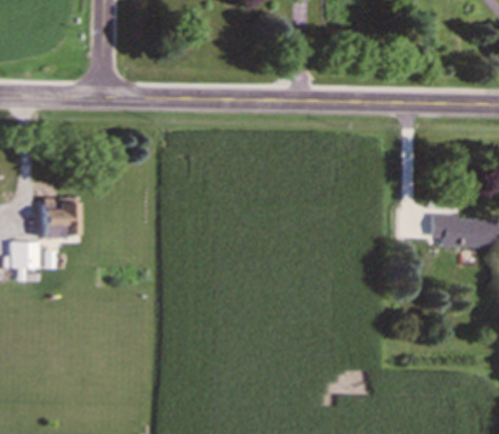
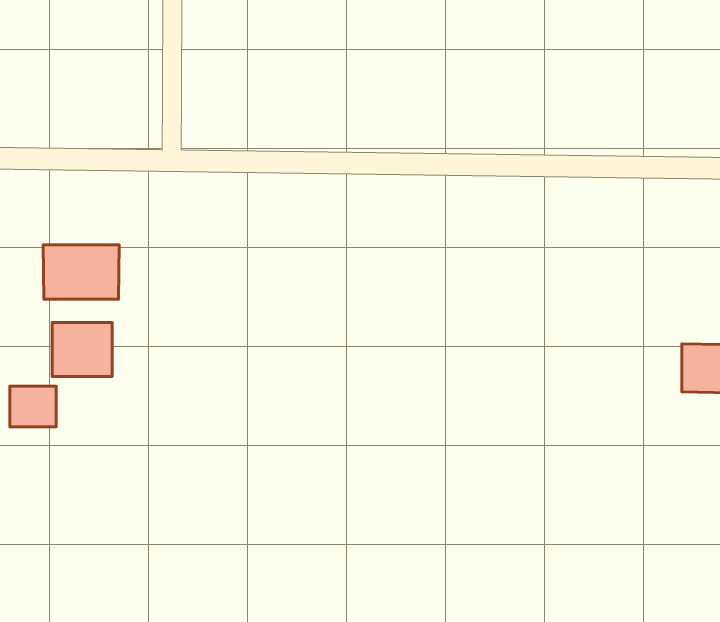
building: none -> [43,245,119,299]

